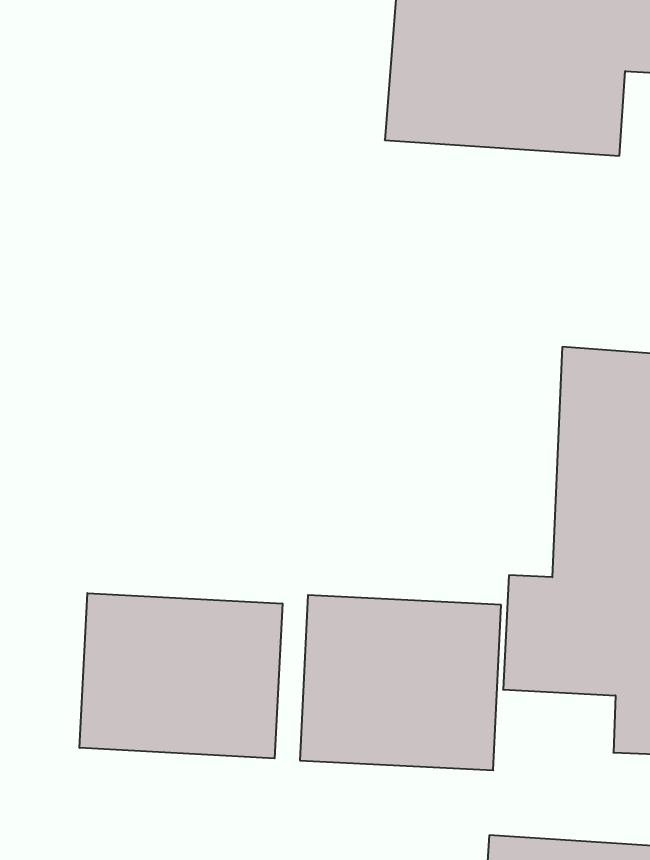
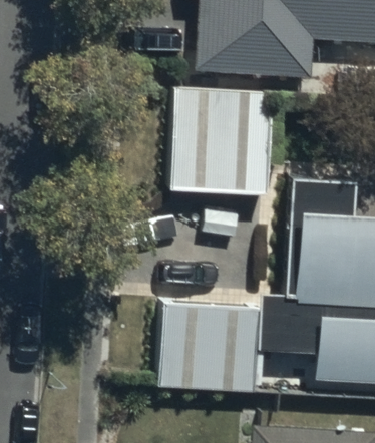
building: none -> [169,90,275,196]
building: [80,593,282,758] -> none

